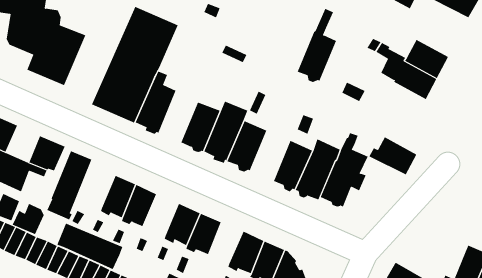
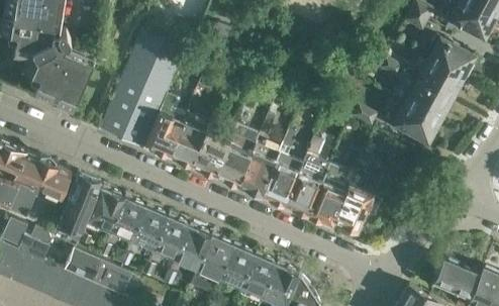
building: [297,8,337,83] -> [262,130,302,206]
building: none -> [430,37,475,79]
building: none -> [169,114,208,167]
building: none -> [13,148,47,186]
building: [368,136,417,175] -> [391,104,440,143]
building: none -> [86,189,124,232]
building: none -> [152,218,189,261]
building: none -> [217,246,255,289]
building: none -> [435,262,480,299]

